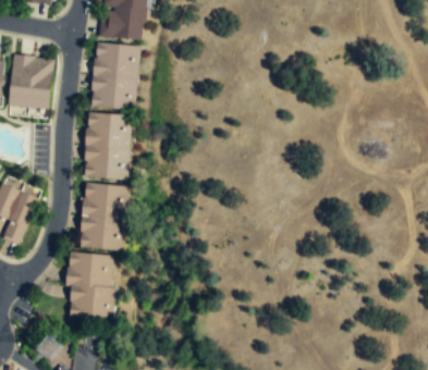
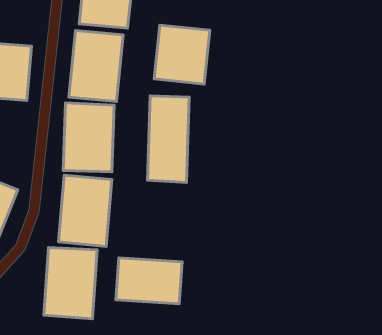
building: none -> [154,25,210,84]
building: none -> [147,96,189,183]
building: none -> [116,258,182,304]

